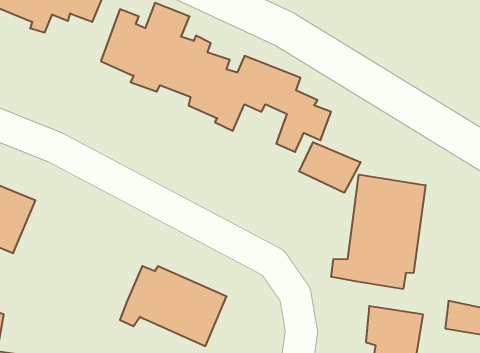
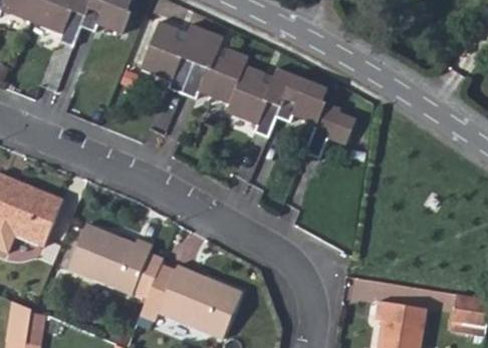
building: [299,142,361,193] -> none
building: [331,175,426,289] -> none
building: none -> [67,224,165,295]

